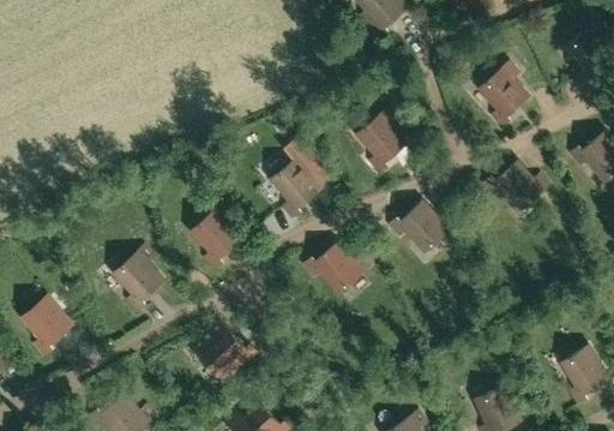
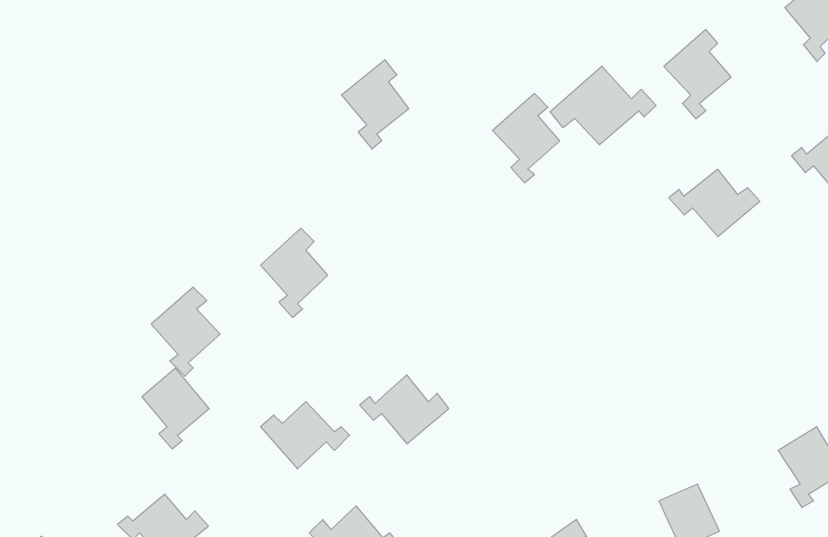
building: none -> [550,66,656,145]
building: [270,154,318,217] -> [341,60,409,149]
building: [389,202,446,251] -> none
building: [303,243,367,292] -> [360,375,449,444]
building: [22,297,70,354] -> [142,368,209,449]

